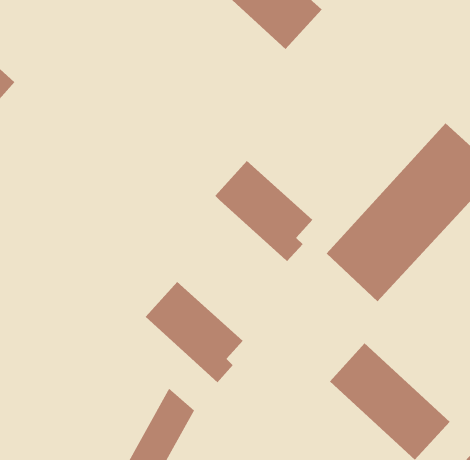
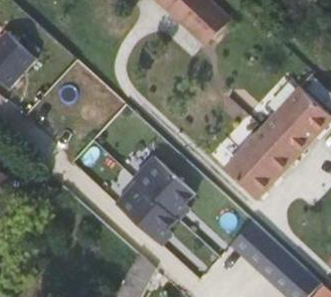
building: [214,160,313,262] -> [131,159,192,222]

